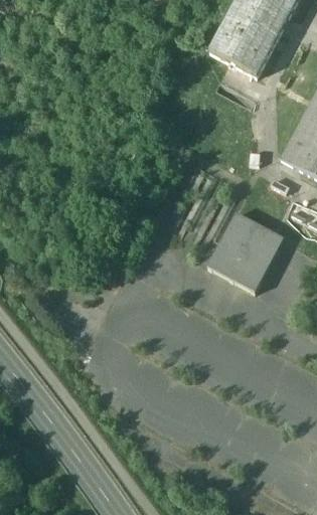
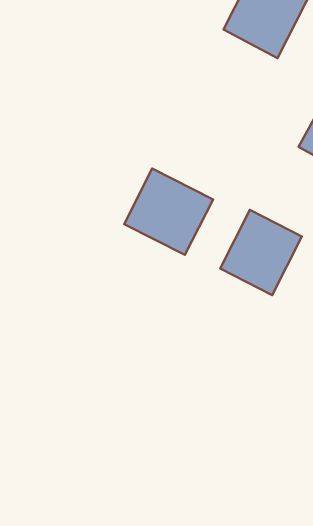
building: none -> [124,169,213,255]

